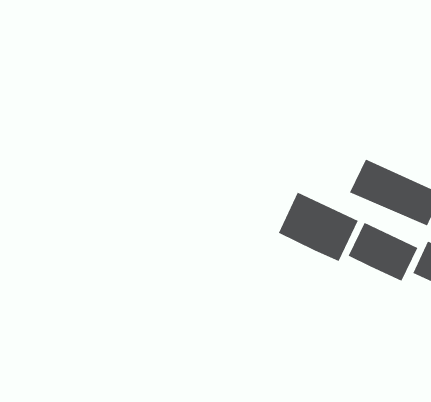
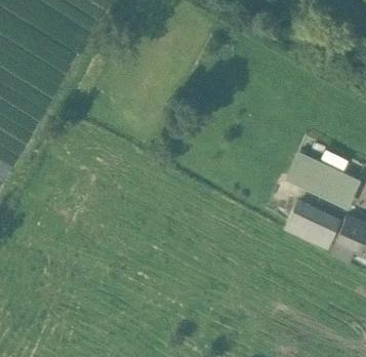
building: [278,192,358,262] -> none

